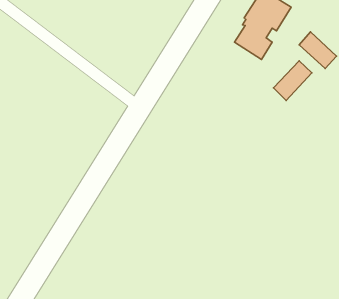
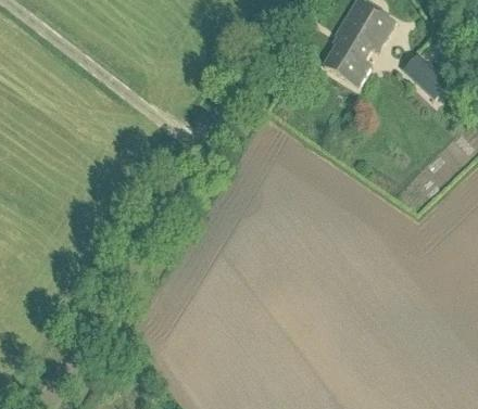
building: [273,61,312,101] -> none

